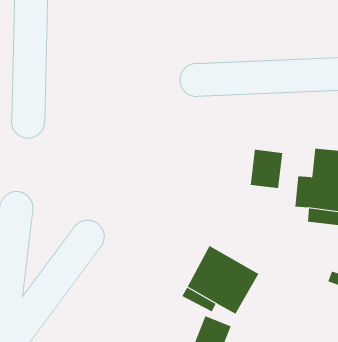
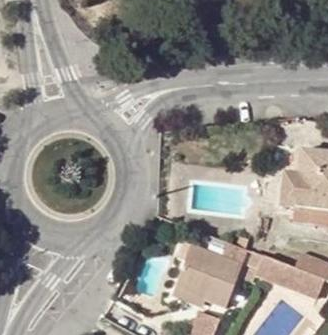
building: [250,149,283,189] -> none
building: none -> [259,256,305,290]

